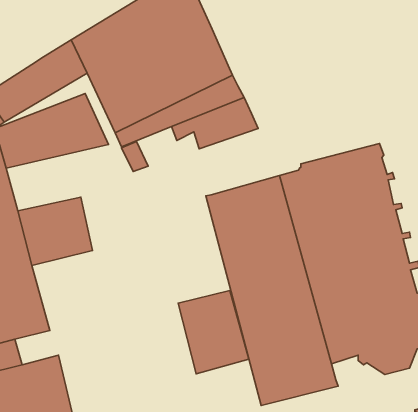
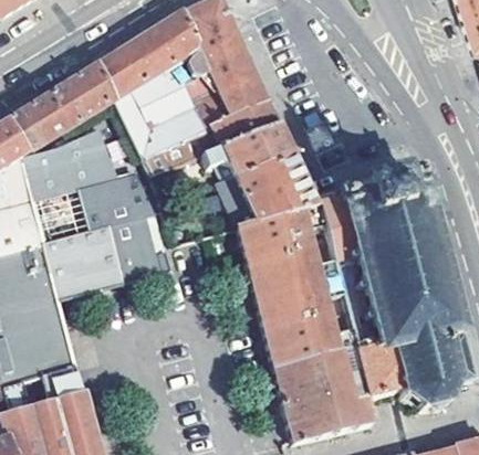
building: none -> [227,156,312,224]
building: none -> [29,172,167,282]
building: [178,291,249,374] -> none

